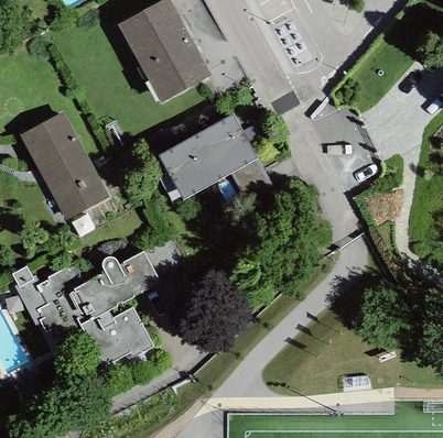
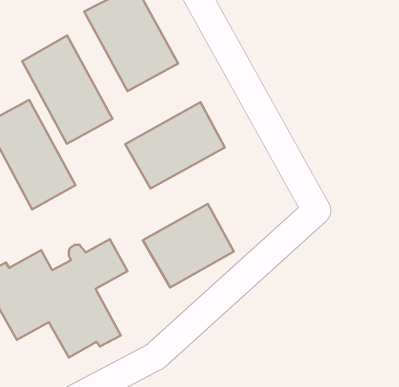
building: none -> [22,36,113,144]
building: none -> [143,204,234,288]

